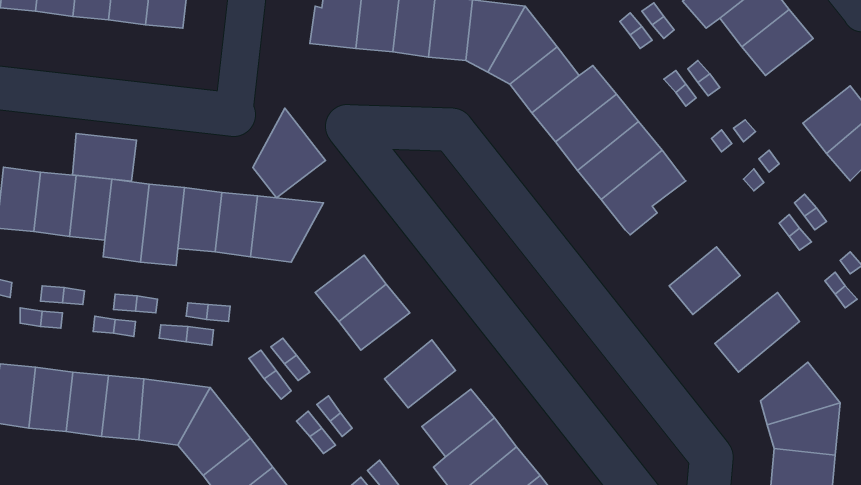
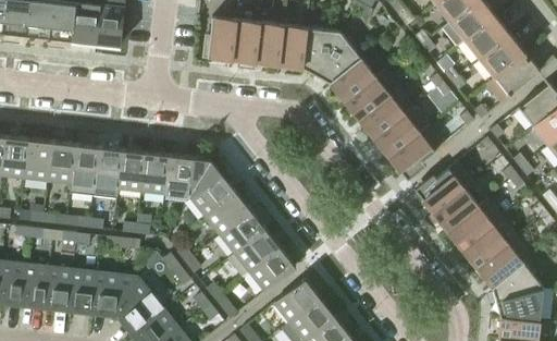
building: none -> [485,53,540,103]
building: [253,108,326,198] -> [189,159,236,217]
building: [73,134,137,181] -> none
building: none -> [413,162,471,212]
building: none -> [447,198,502,249]
building: none -> [227,230,280,278]
building: none -> [476,235,531,287]

